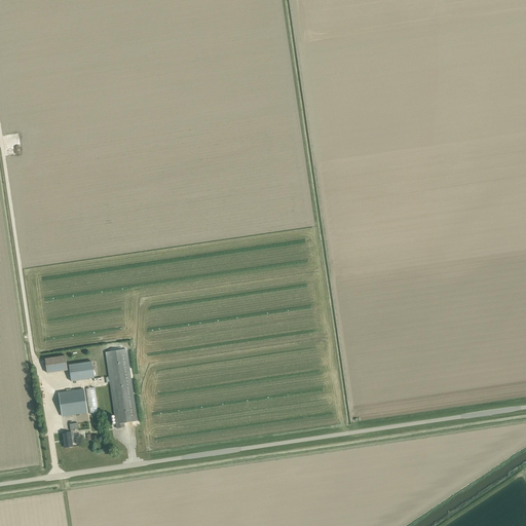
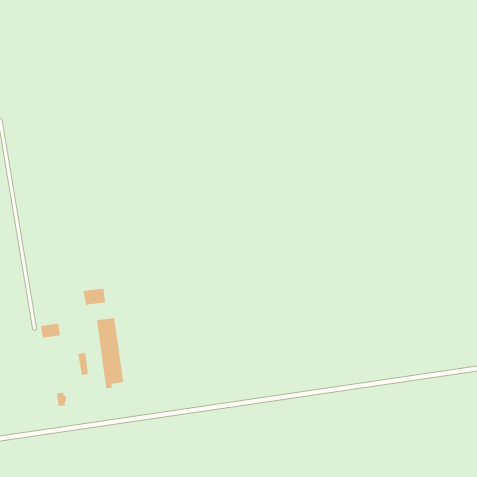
building: [68,361,93,380] -> [83,288,106,305]
building: [58,388,87,415] -> none

